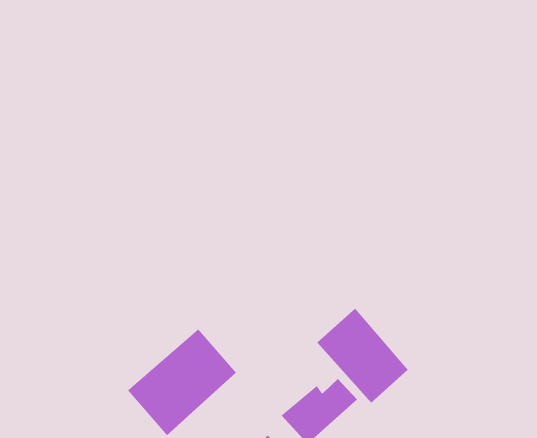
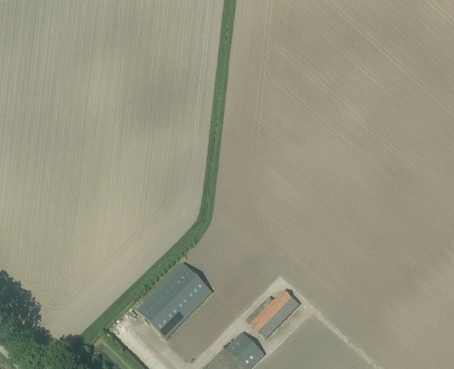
building: [317,308,409,403] -> none

